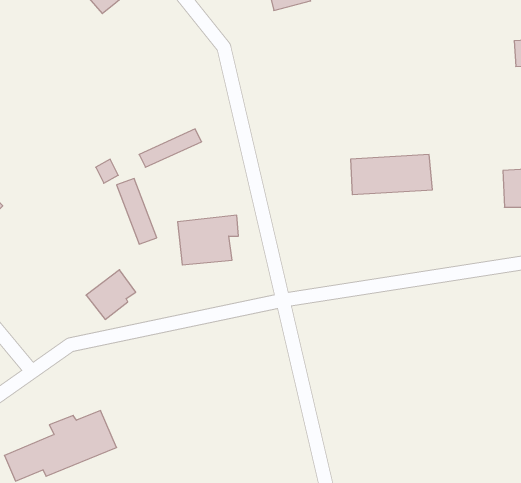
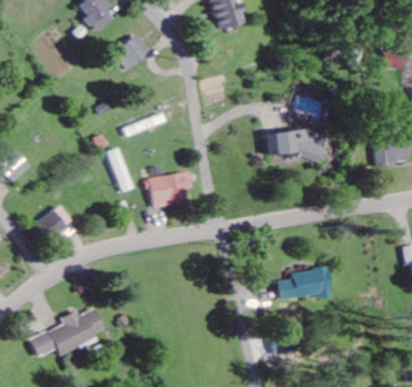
building: none -> [111,34,149,70]
building: [86,270,136,319] -> [33,206,68,240]
building: none -> [278,267,333,301]

